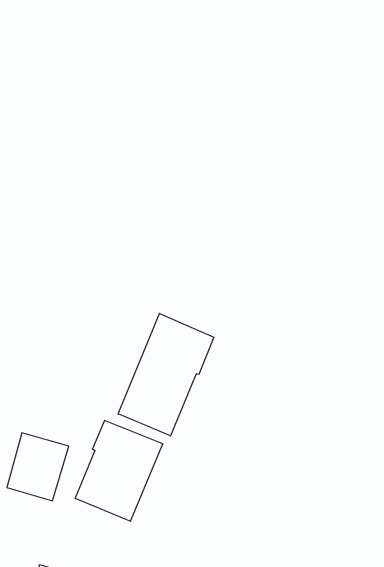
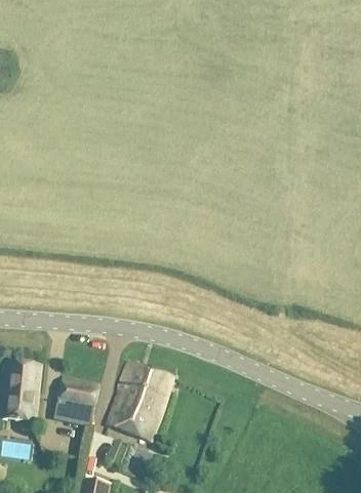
building: [118,313,214,436] -> none

